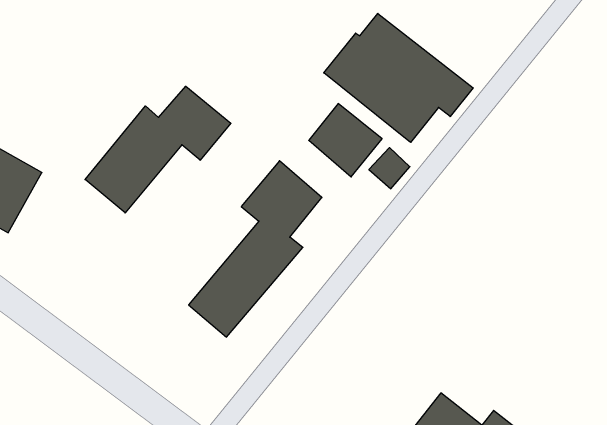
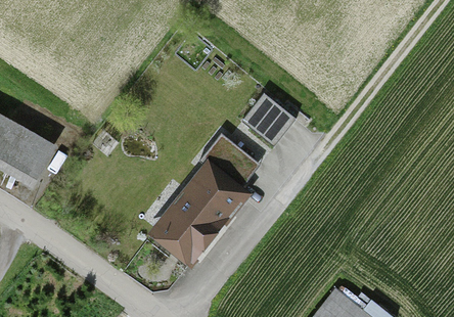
building: [324,13,473,142] -> none
building: [85,86,231,213] -> none

